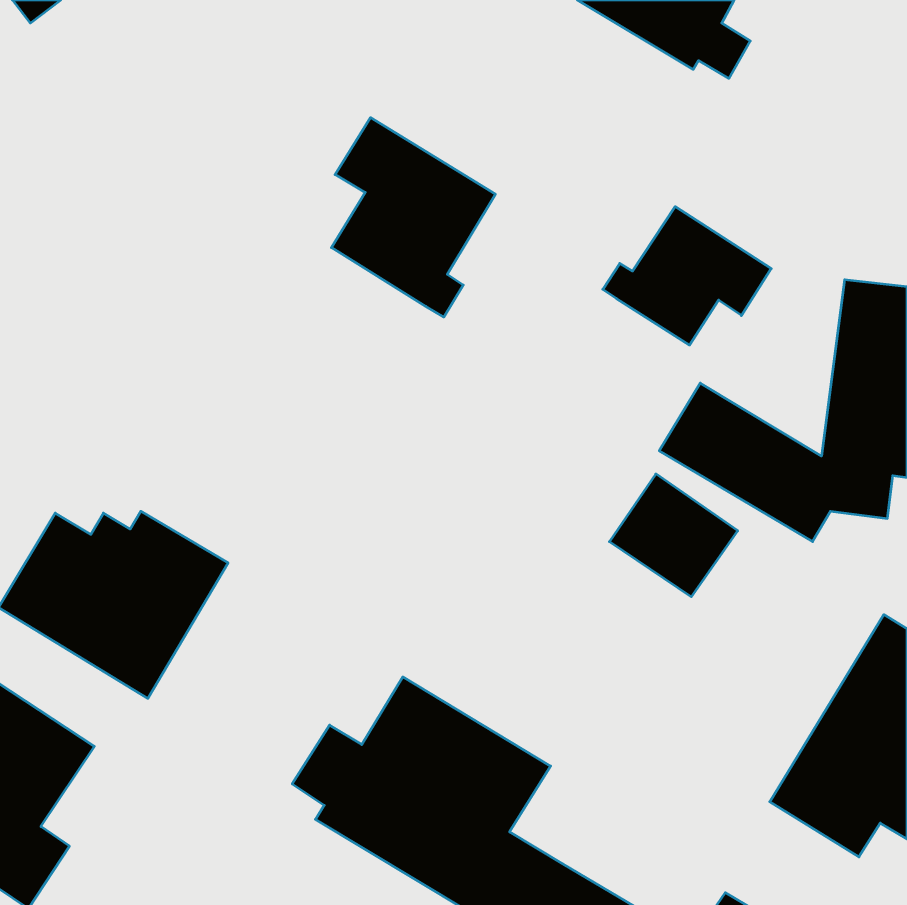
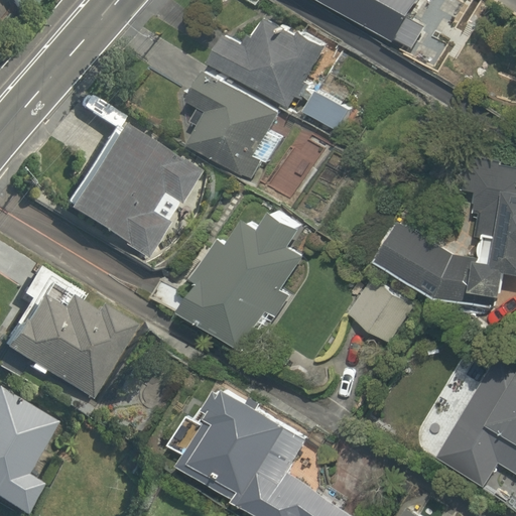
building: none -> [210,20,353,140]
building: [603,207,771,345] -> none
building: none -> [62,129,195,260]
building: none -> [186,210,305,350]

